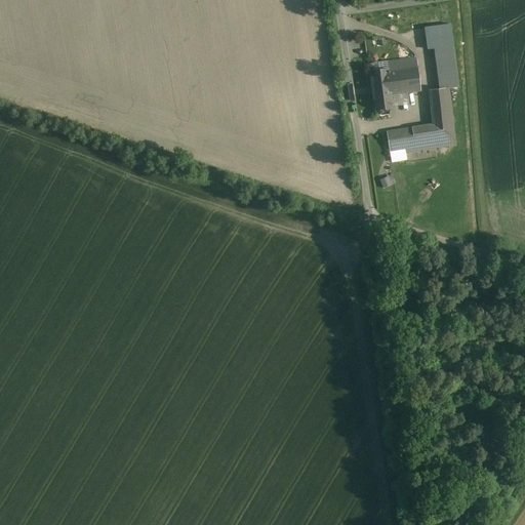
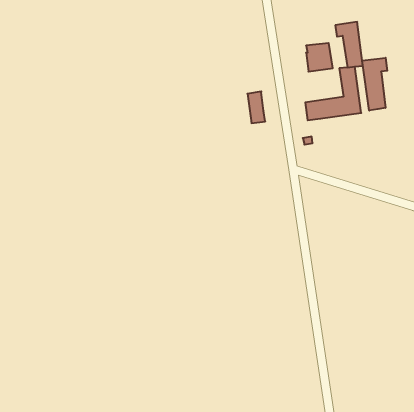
building: [369,66,392,106] -> [247,91,265,123]
building: none -> [362,58,387,111]

